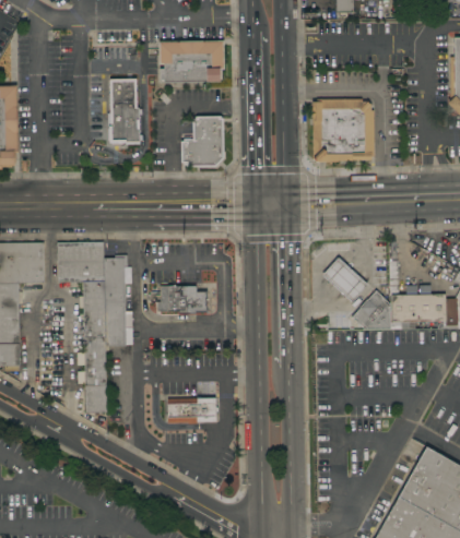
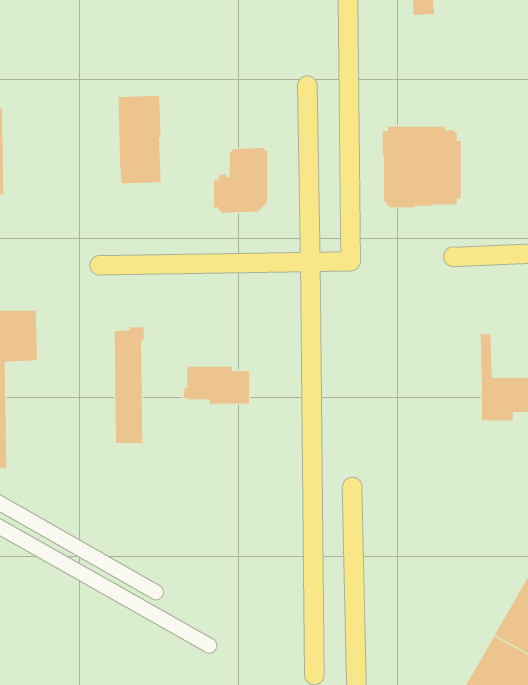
building: [160,41,225,83] -> none
building: [58,242,107,413] -> none
building: [322,258,368,302] -> none
building: [352,290,390,330] -> none
building: [168,398,216,425] -> none

